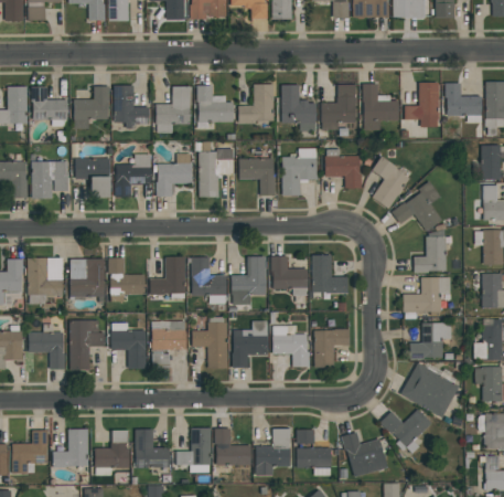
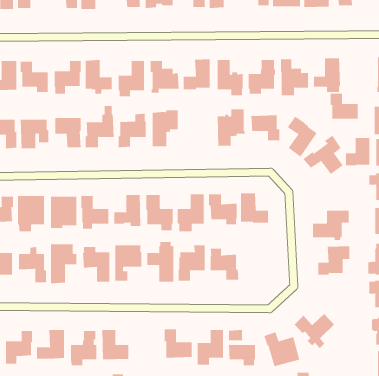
building: [444,83,481,116] -> [330,93,359,119]
building: [238,159,276,195] -> none
building: [414,236,446,273] -> [345,137,370,166]
building: [313,329,350,368] -> none
building: [399,362,459,417] -> none
building: [176,429,211,473] -> none

